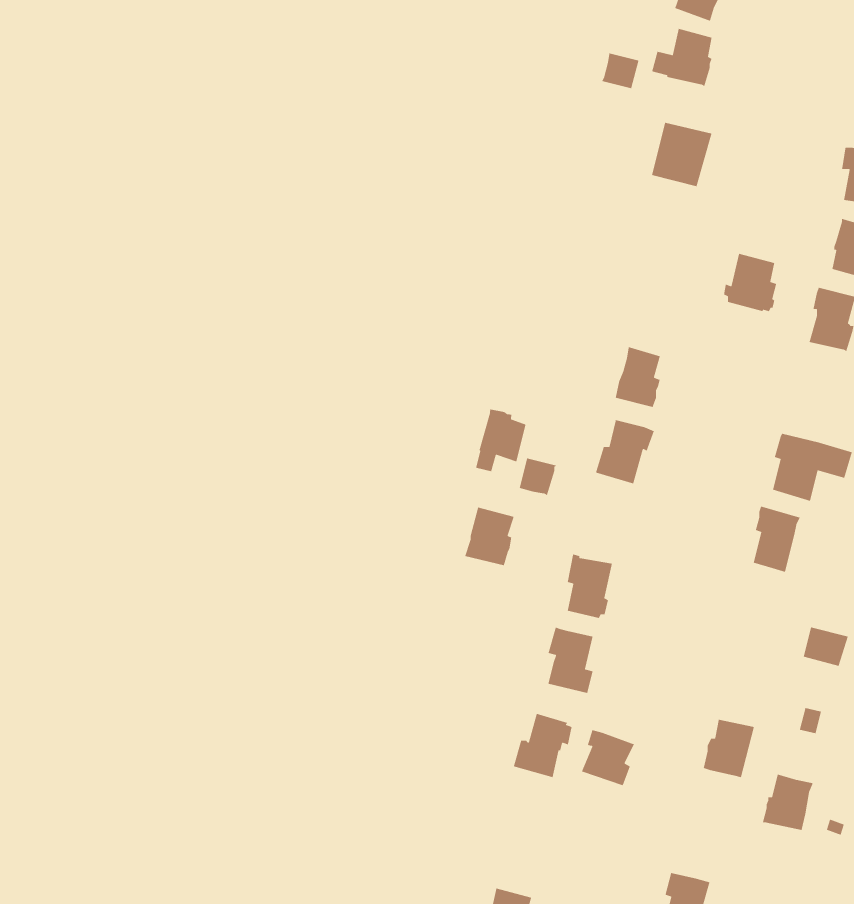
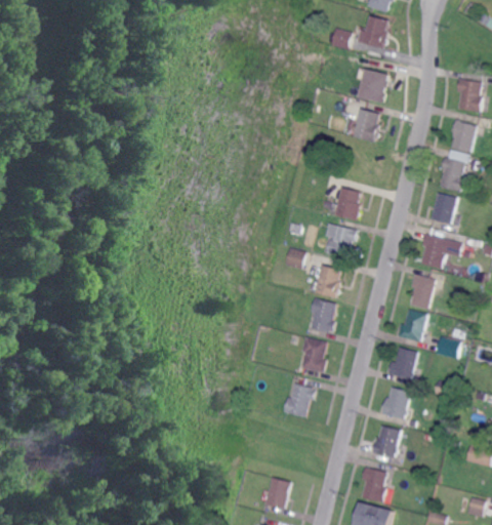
building: [723,253,777,312] -> [350,110,378,142]
building: none -> [430,193,456,223]
building: [475,408,526,472] -> none
building: [464,507,514,566] -> [315,265,341,296]
building: none -> [397,309,426,340]
building: none -> [387,347,416,378]
building: [581,729,635,786] -> none
building: [762,773,814,831] -> [372,425,400,455]

